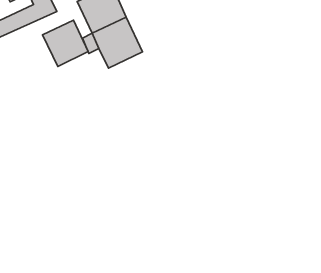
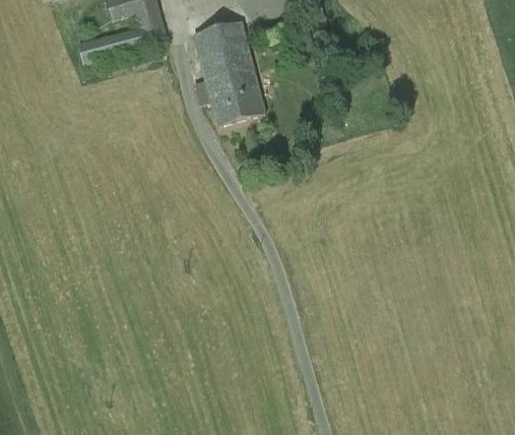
building: [43,20,88,67] -> none

